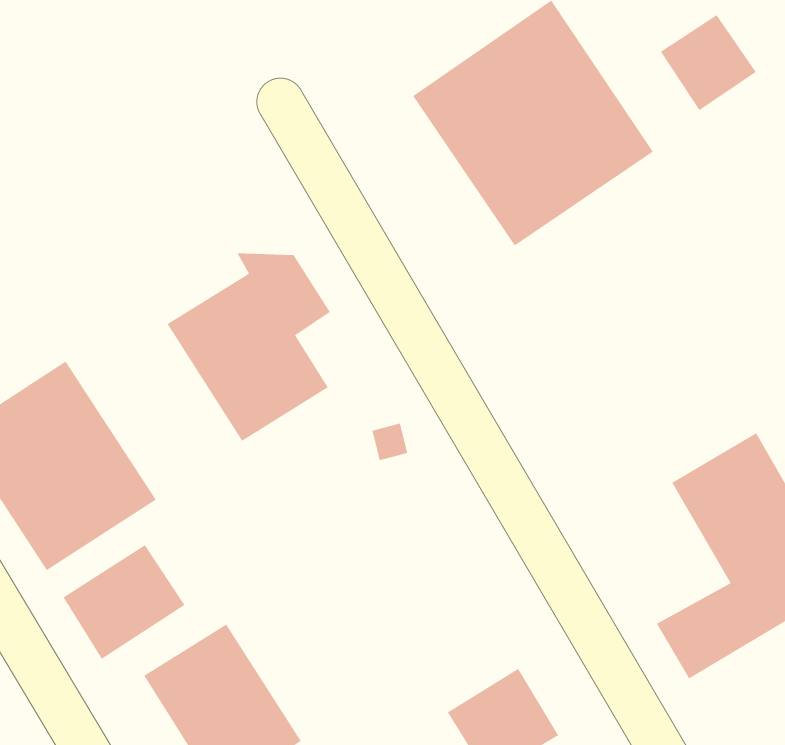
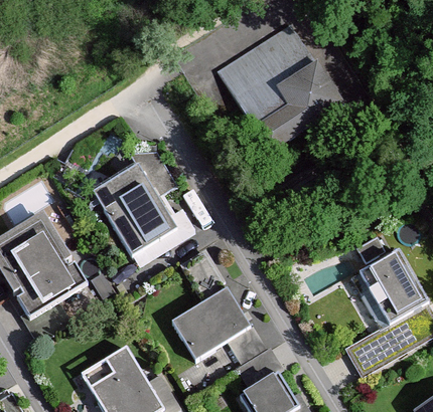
building: [660,14,757,111] -> none
building: none -> [170,287,248,360]
building: [62,544,185,660] -> none

